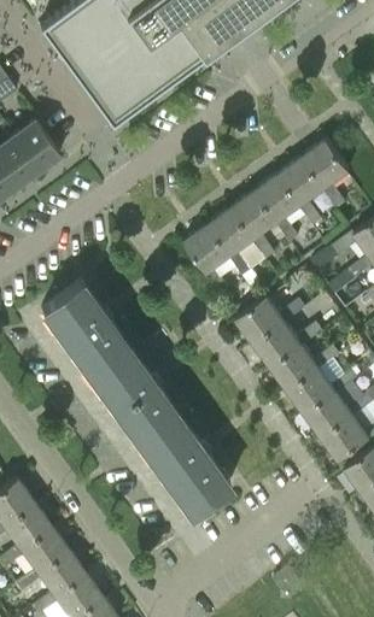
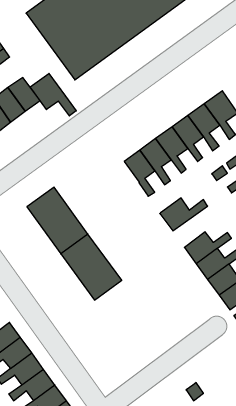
building: none -> [30,73,76,116]
building: [255,324,322,370] -> none
building: [140,418,230,516] -> none

